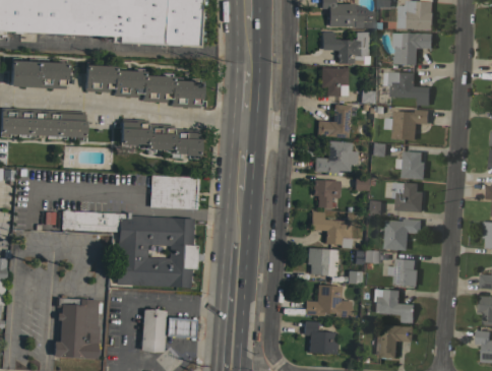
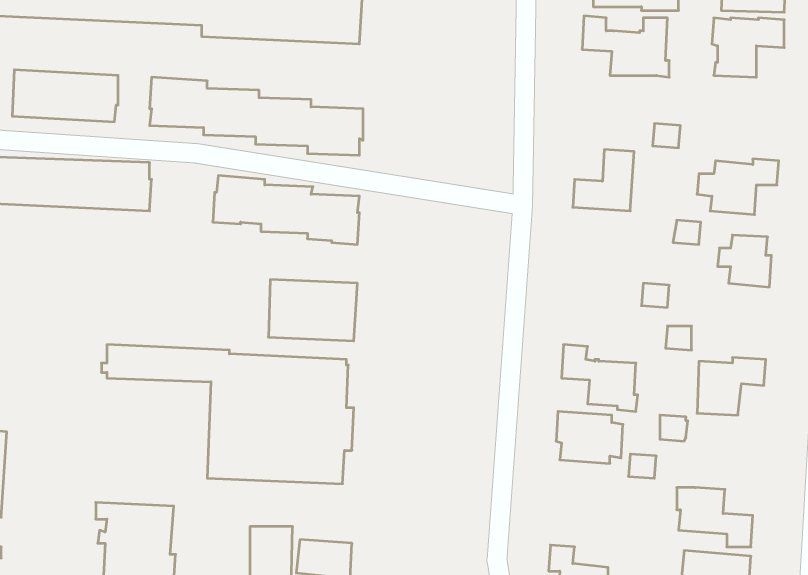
building: [321,68,349,97] -> none
building: [384,72,431,106] -> none
building: [315,141,358,174] -> none
building: [313,180,341,208] -> none
building: [385,182,425,212] -> none
building: [389,259,419,287] -> none
building: [305,285,353,318] -> none

